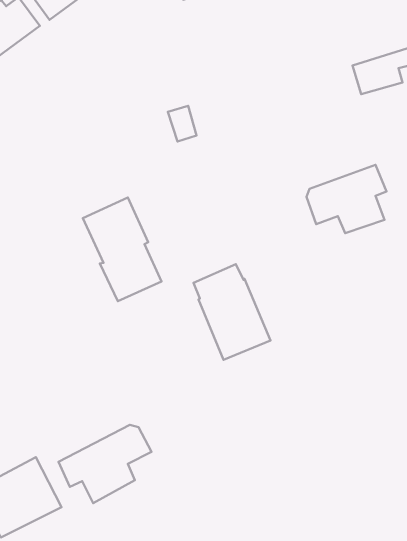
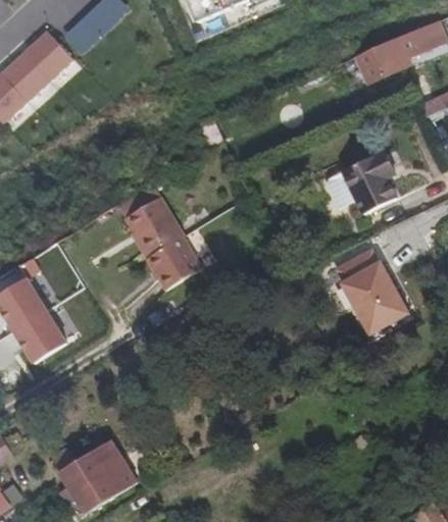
building: [193,264,270,360] -> [334,247,407,332]
building: [58,425,152,503] -> none

